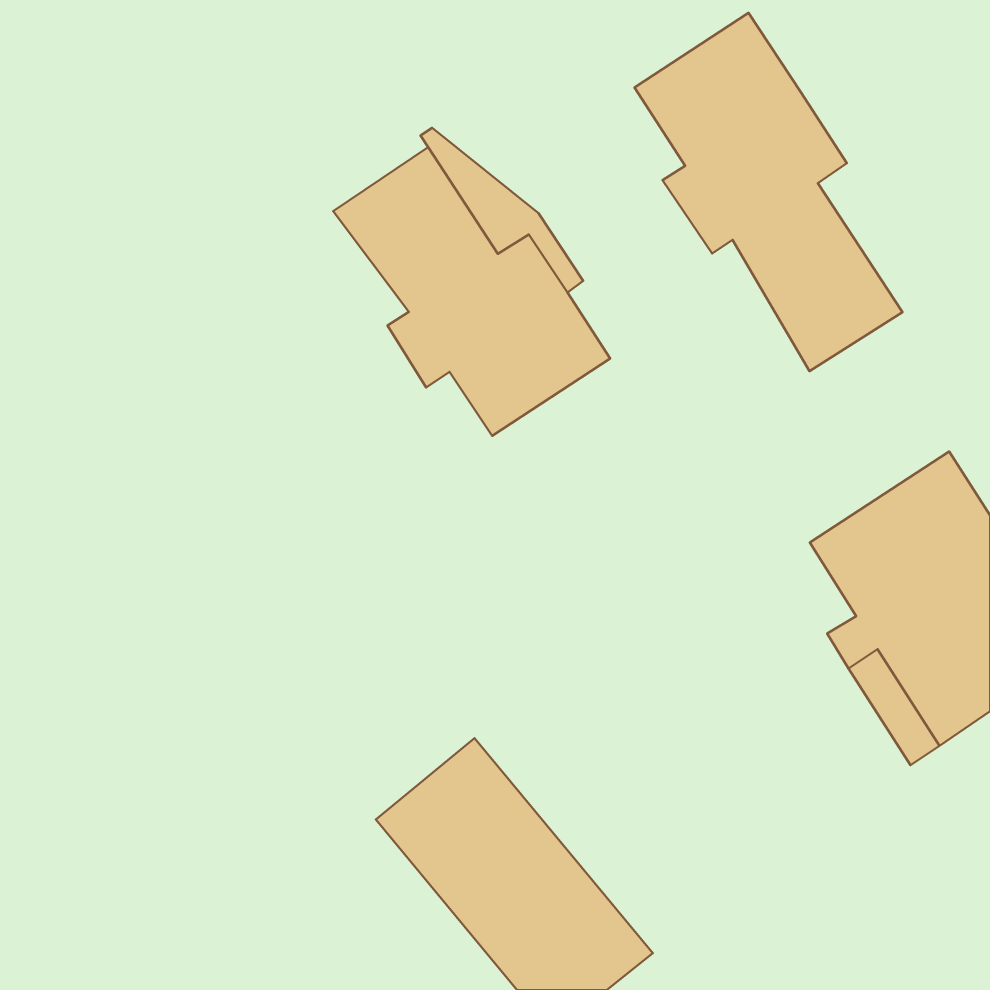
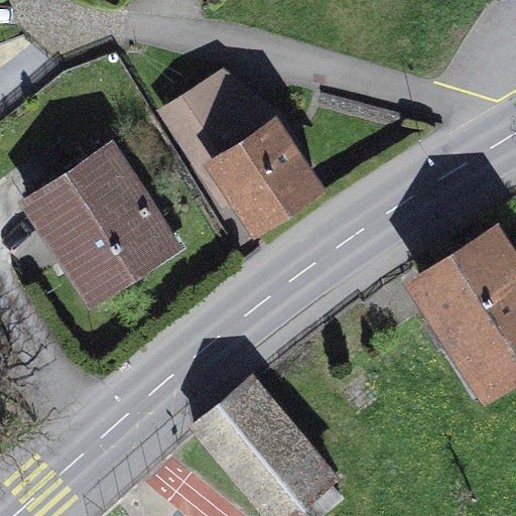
building: [635,13,903,371] -> none
building: none -> [27,147,174,299]

